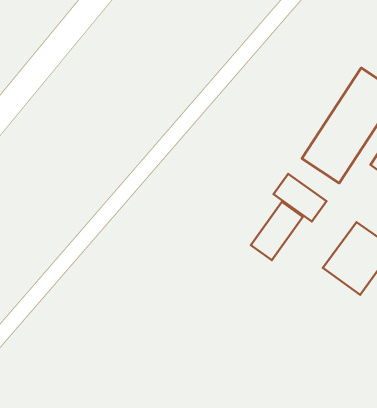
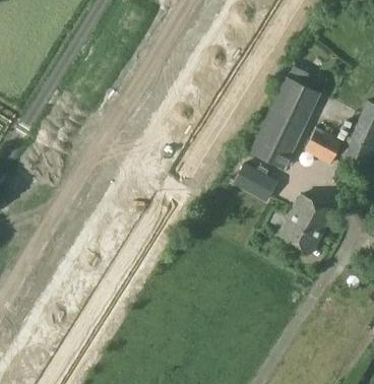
building: [251,202,303,260] -> none

